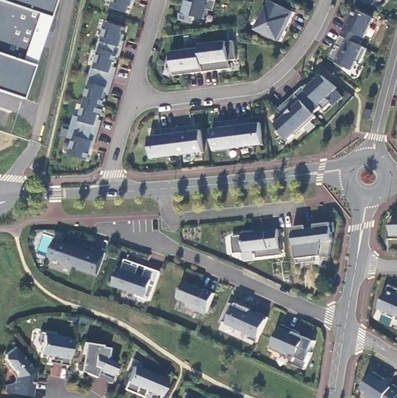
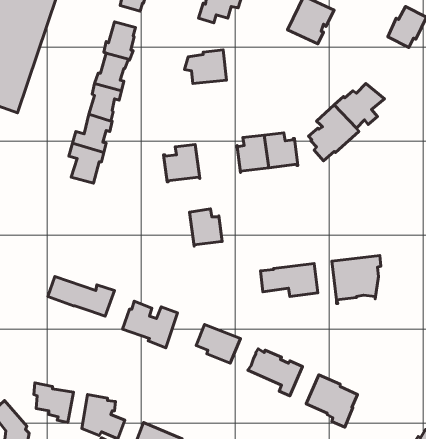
building: [328,35,366,70] -> none
building: [199,40,236,72] -> none
building: [175,124,203,156] -> [190,209,222,246]

